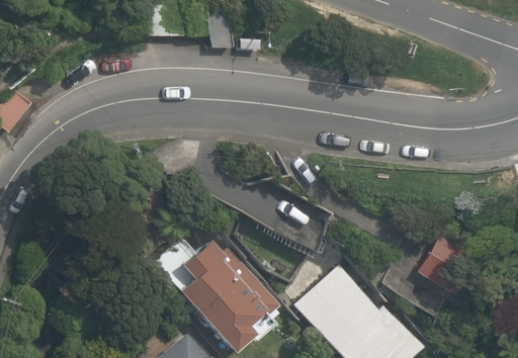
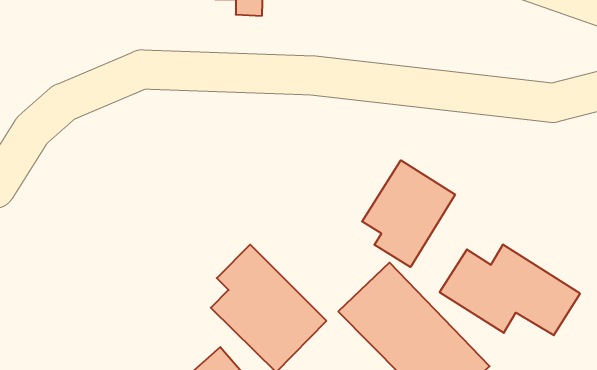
building: none -> [362,160,455,267]

